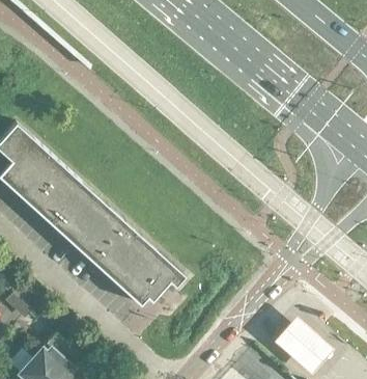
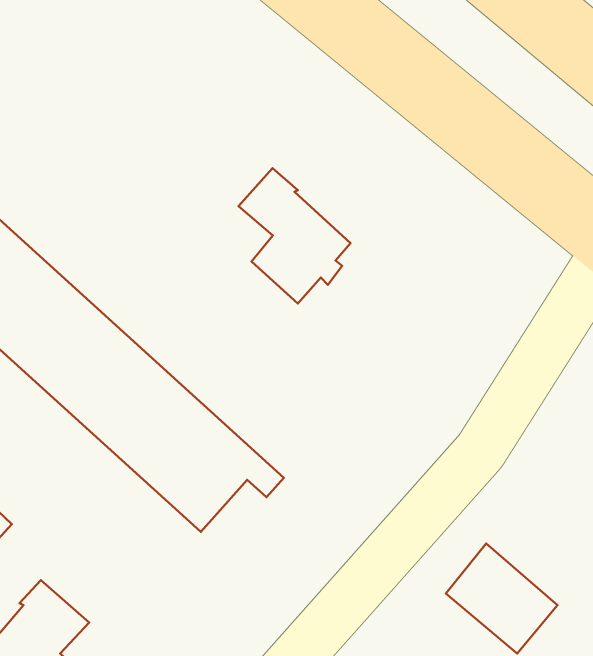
building: none -> [239,168,350,304]

